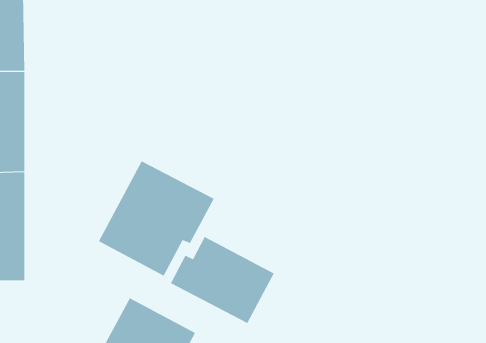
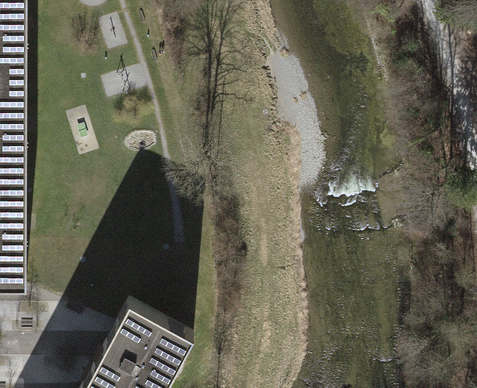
building: [98,161,214,277] -> none
building: [170,236,274,324] -> none

